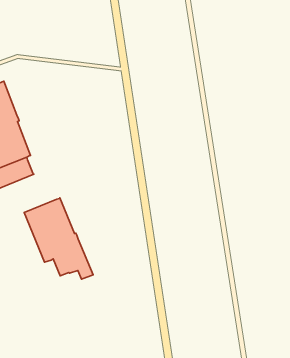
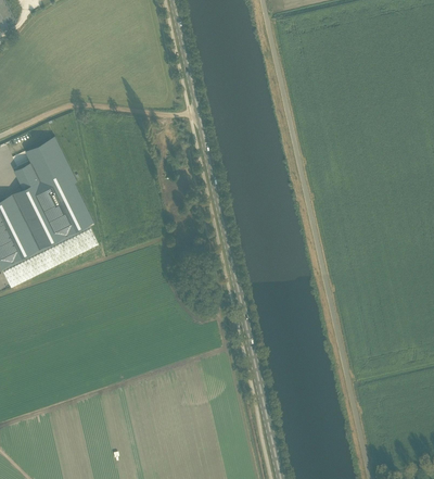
building: [24,198,93,279] -> none

